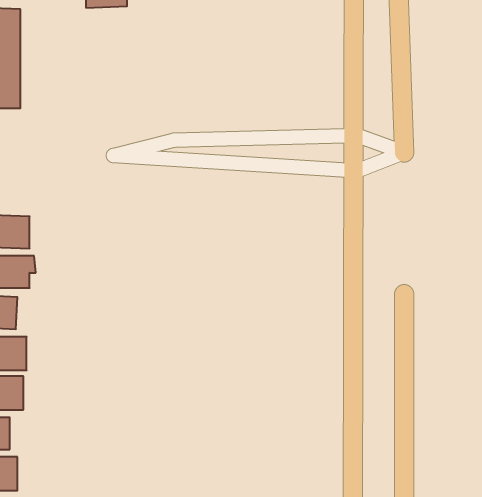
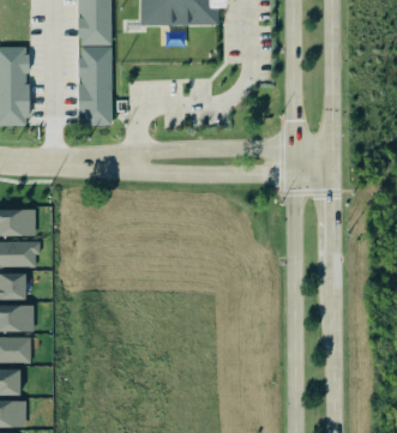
building: none -> [78,46,112,125]

